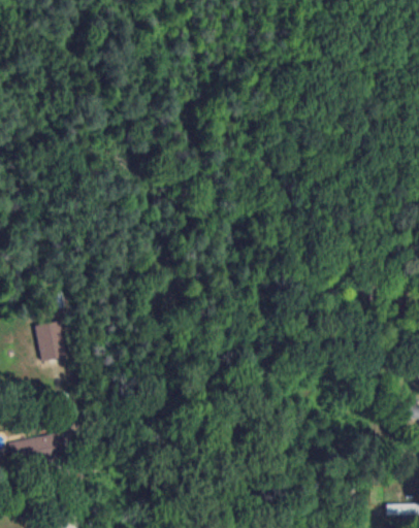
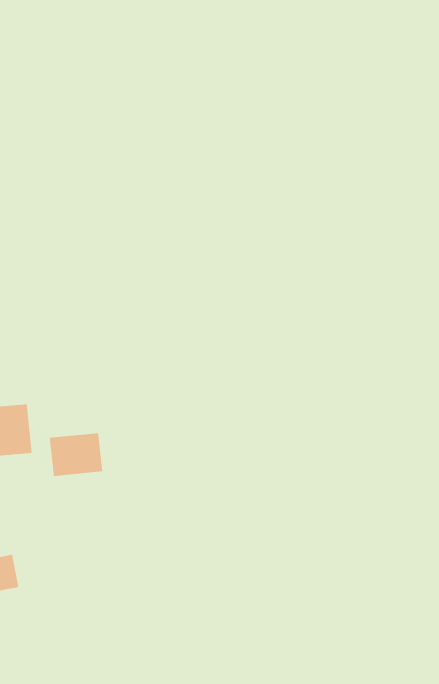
building: none -> [49,432,103,477]

